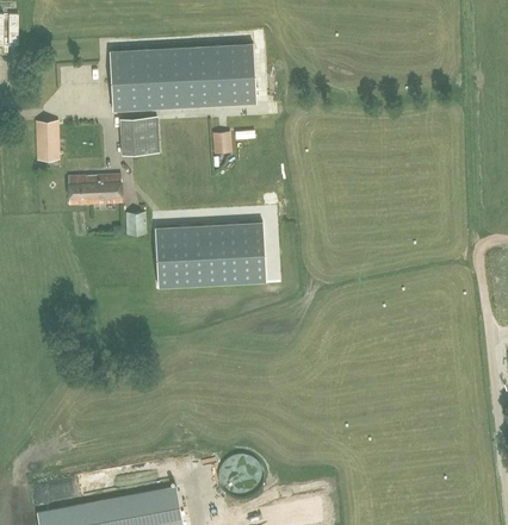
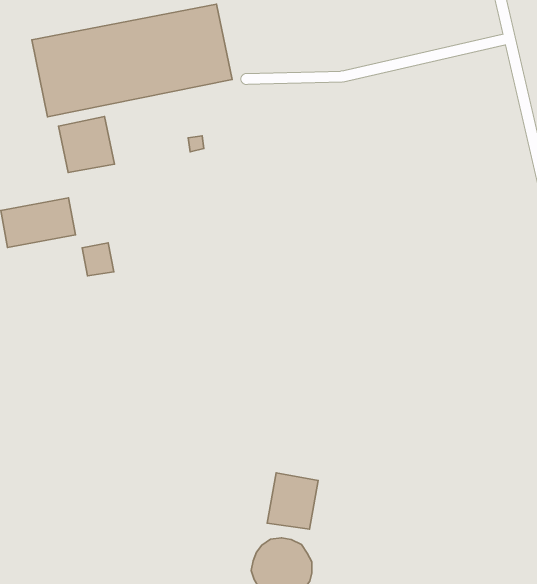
building: [155,221,266,287] -> none
building: none -> [267,473,318,529]

